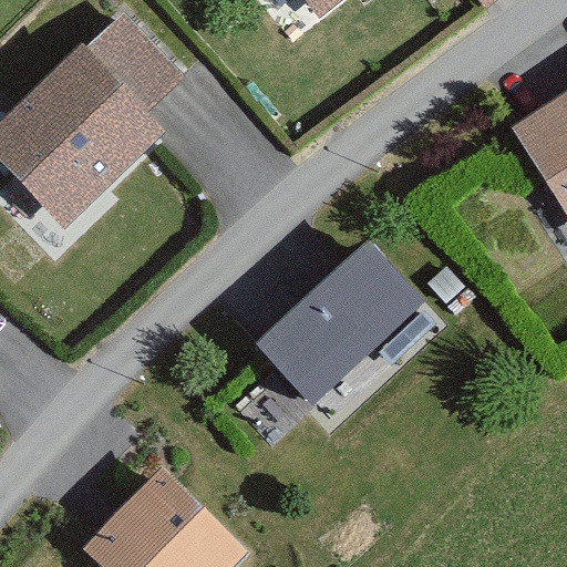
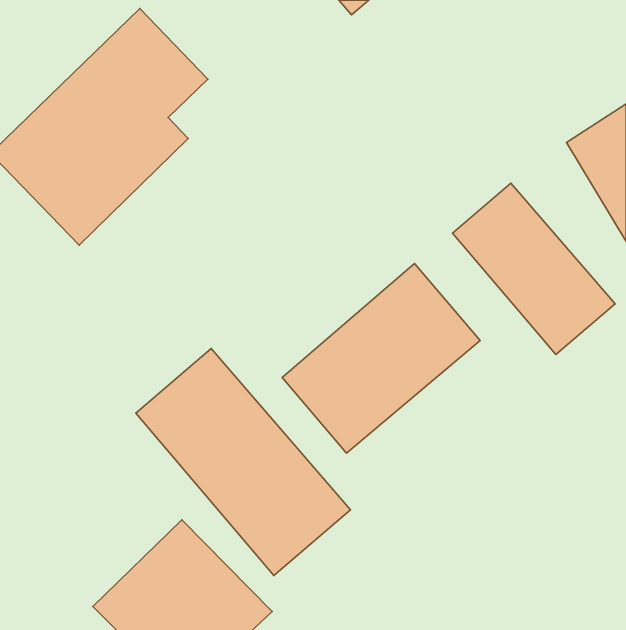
building: none -> [453,183,615,354]
building: none -> [136,349,351,576]

